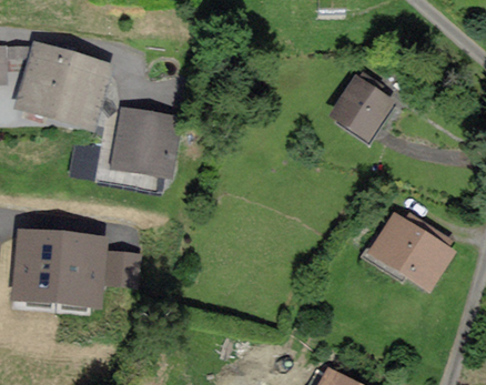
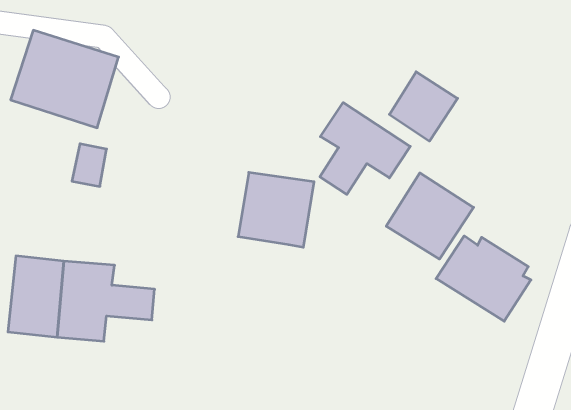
building: none -> [320,103,410,194]
building: [113,112,176,174] -> [238,172,314,247]
building: none -> [386,173,474,259]

